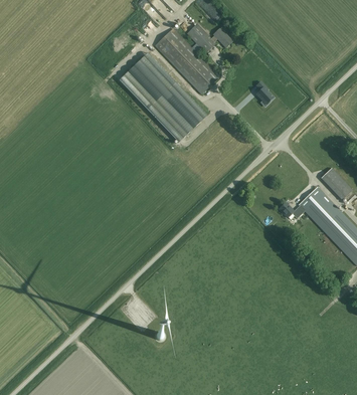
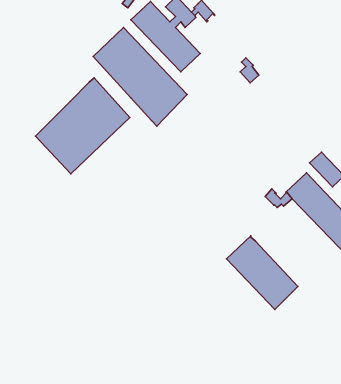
building: none -> [36,78,130,174]
building: none -> [227,236,298,310]

